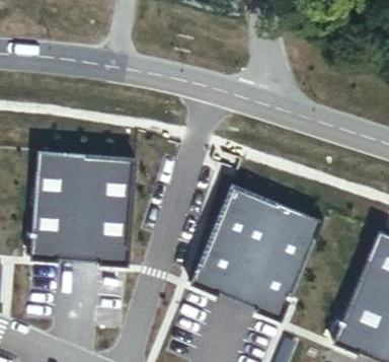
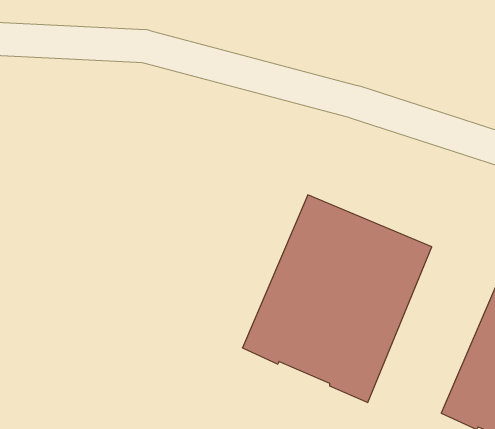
building: [35,156,133,256] -> none

